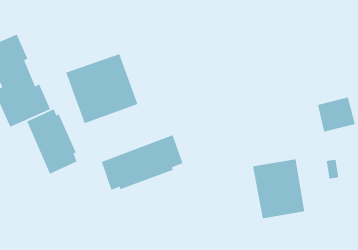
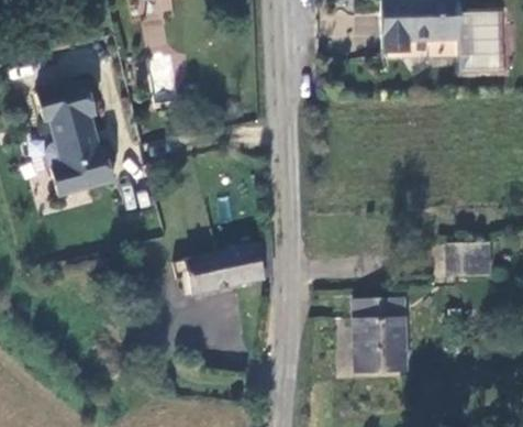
building: [65,53,139,124] -> none
building: [26,108,78,175] -> none

